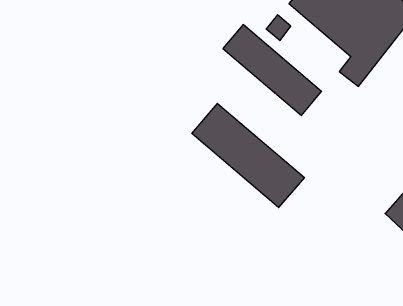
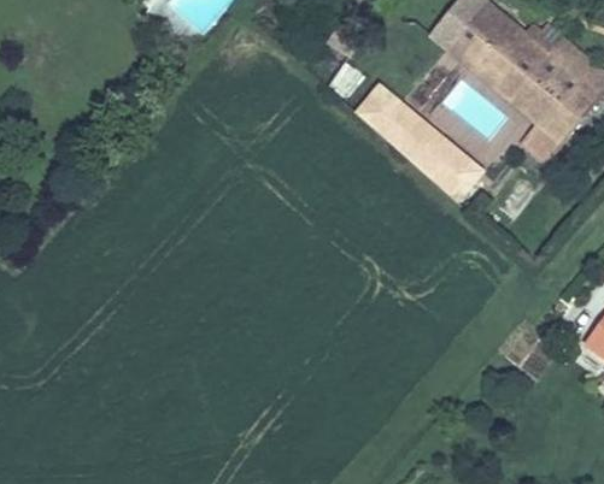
building: [192,103,304,208] -> none

